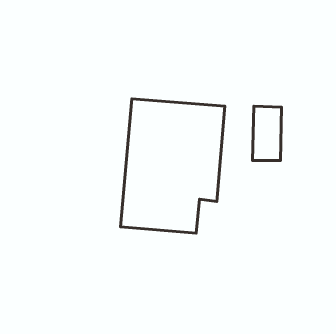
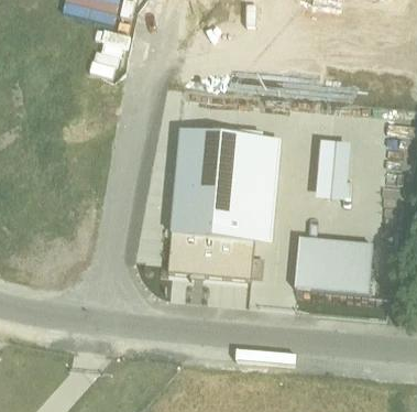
building: none -> [294,232,372,290]

